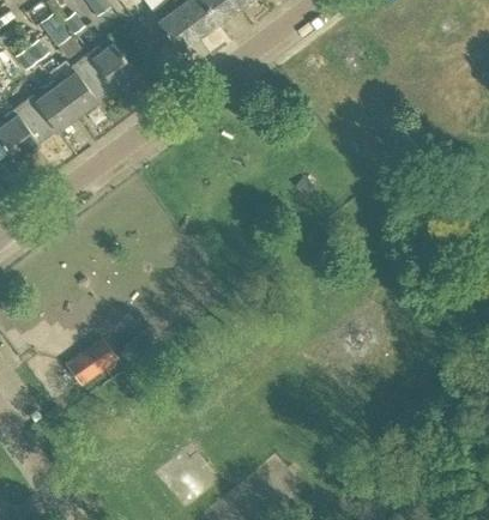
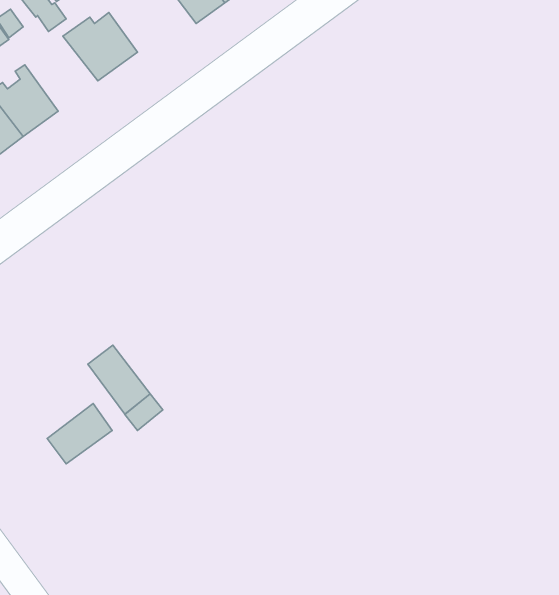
building: [50,61,105,117] -> none
building: none -> [88,345,150,414]

